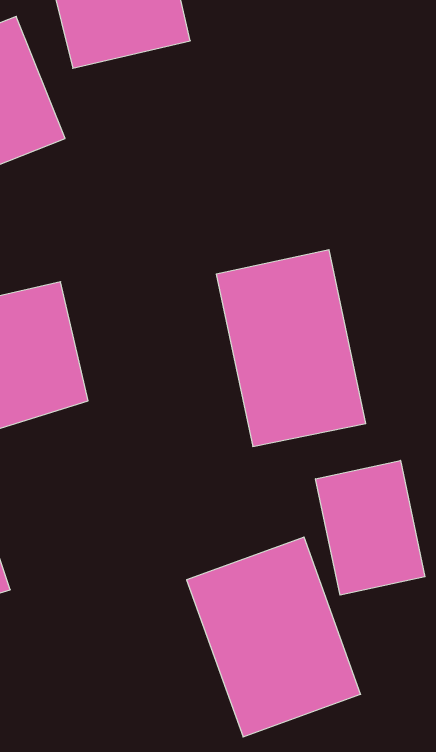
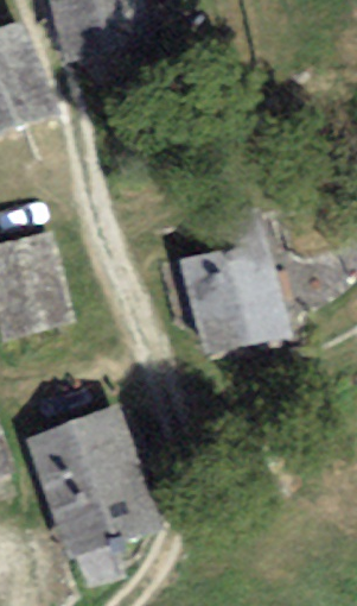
building: [316,460,425,595] -> none
building: [187,537,361,737] -> [26,404,161,560]

